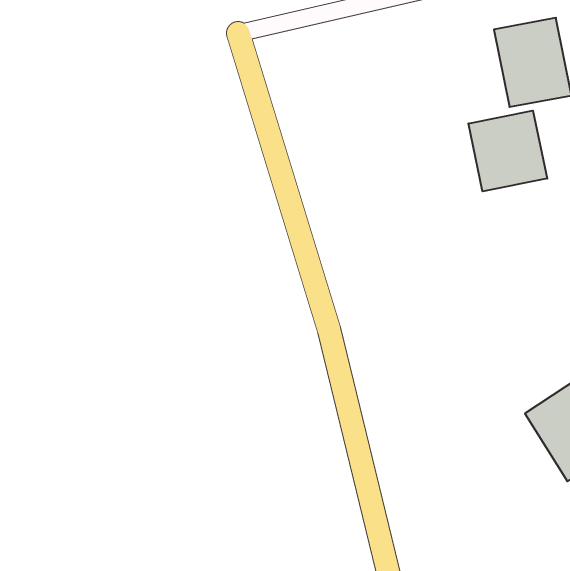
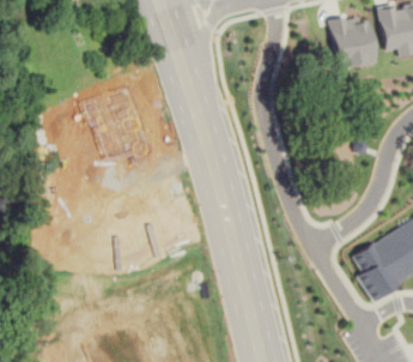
building: [468,111,547,191] -> none

